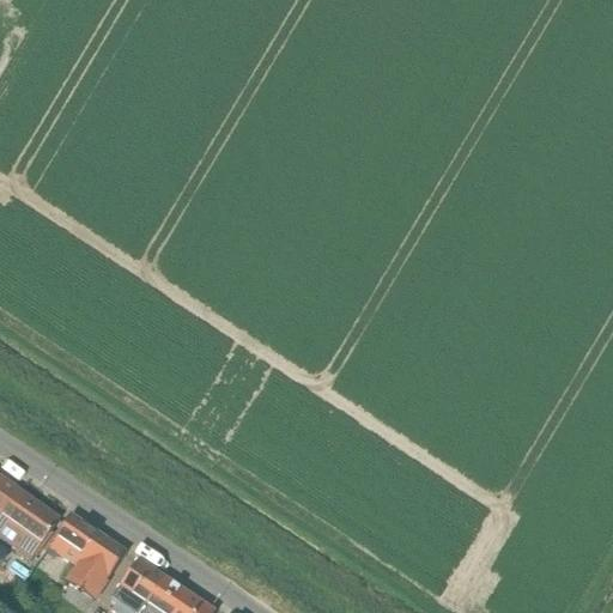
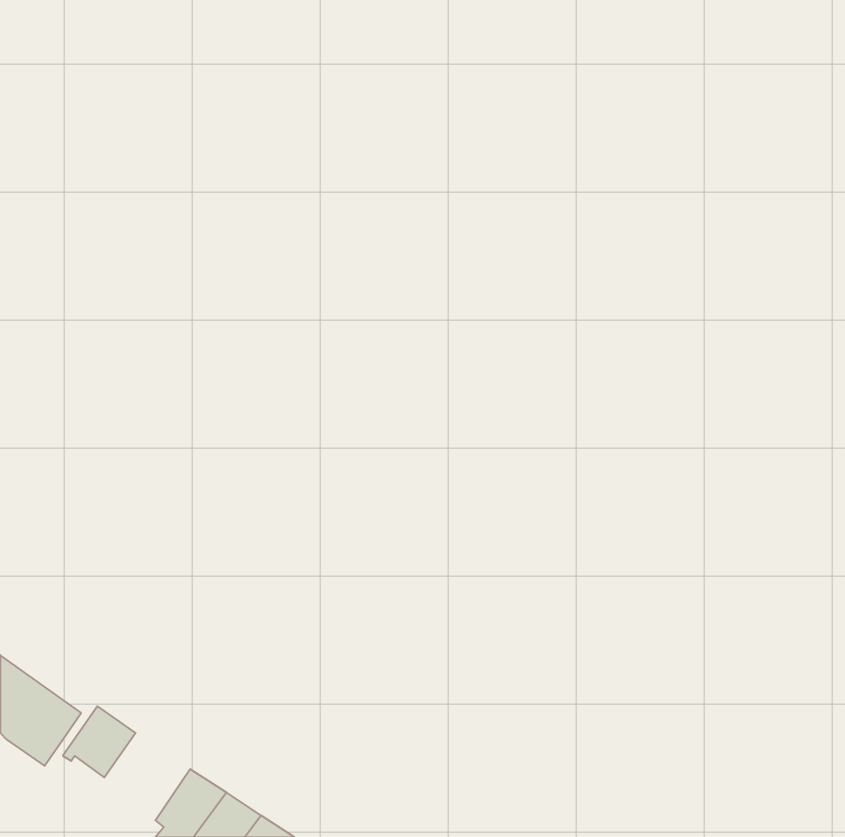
building: [65,530,126,597] -> none

